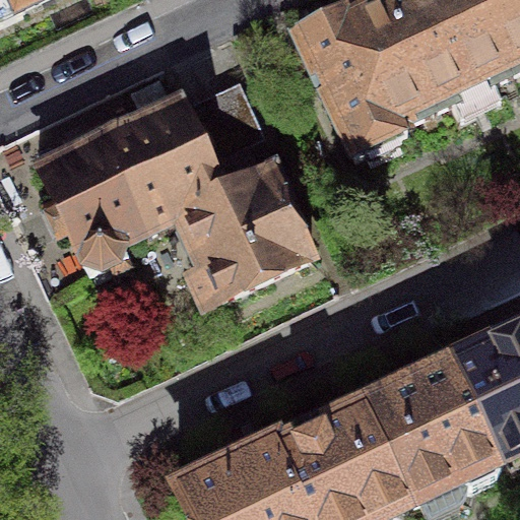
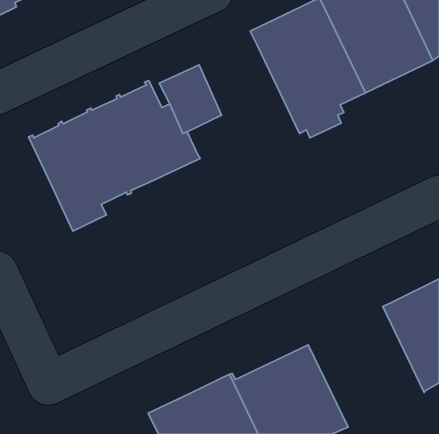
building: [174,162,309,305] -> none
building: [362,360,498,501] -> none

